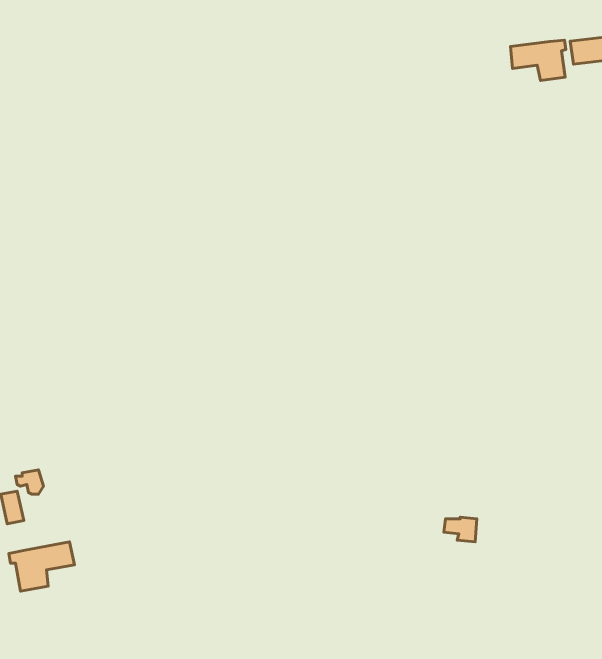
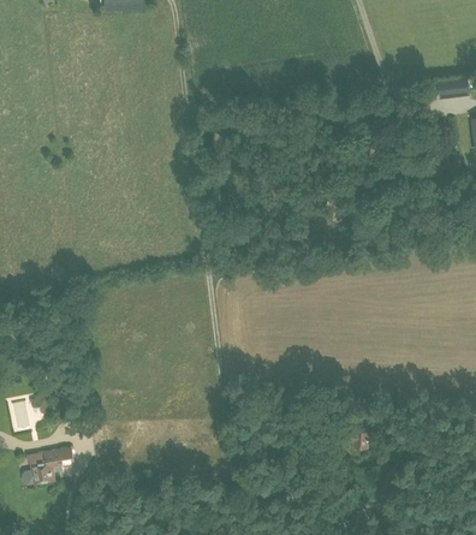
building: [510,40,566,81] -> none

